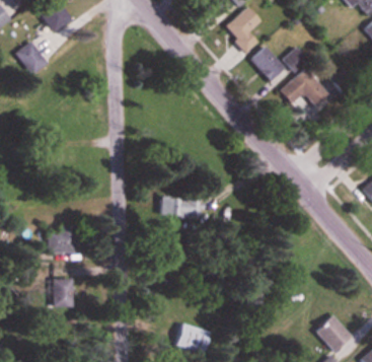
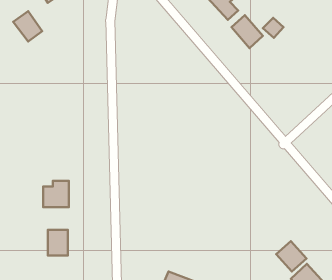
building: [280,66,330,105] -> none
building: [159,195,202,217] -> none
building: none -> [276,241,307,271]

